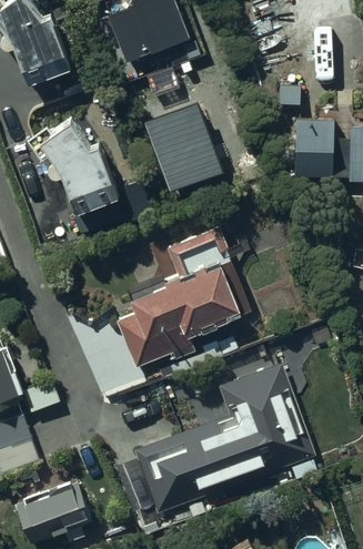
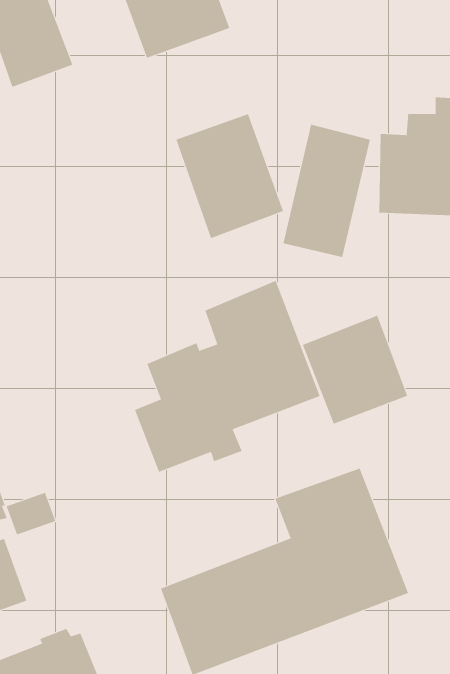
building: none -> [283,124,370,258]
building: [27,122,117,215] -> none
building: none -> [302,315,408,425]

